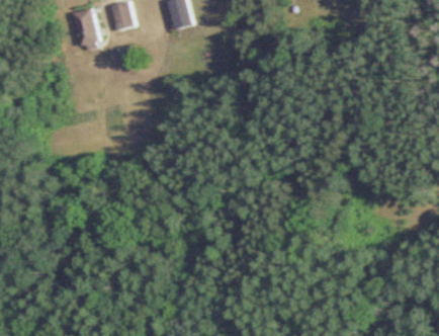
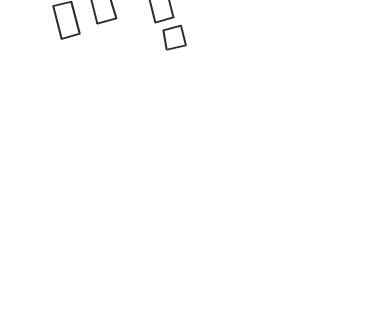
building: none -> [163,26,186,50]

